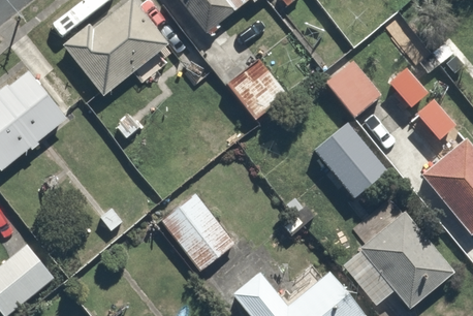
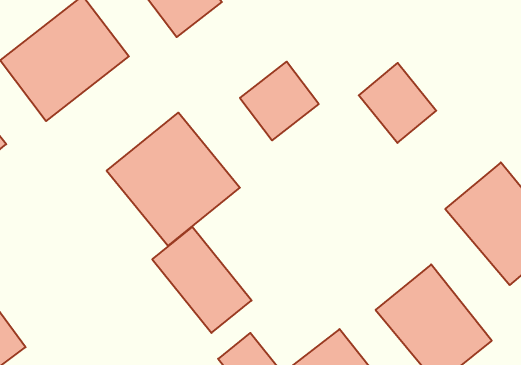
building: none -> [107,113,240,246]
building: [325,122,402,200] -> none

